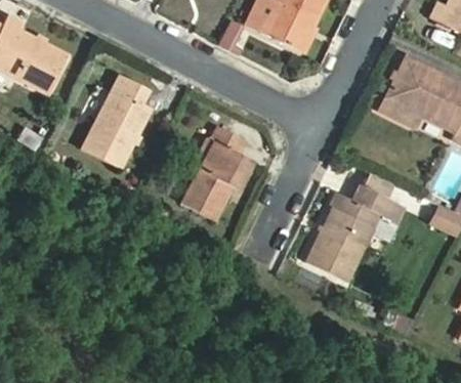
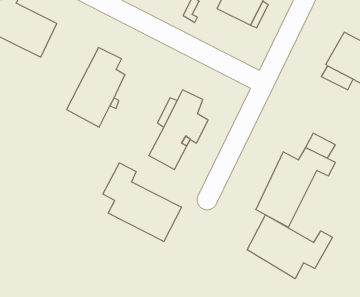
building: none -> [103,163,182,241]
building: none -> [247,215,332,279]

